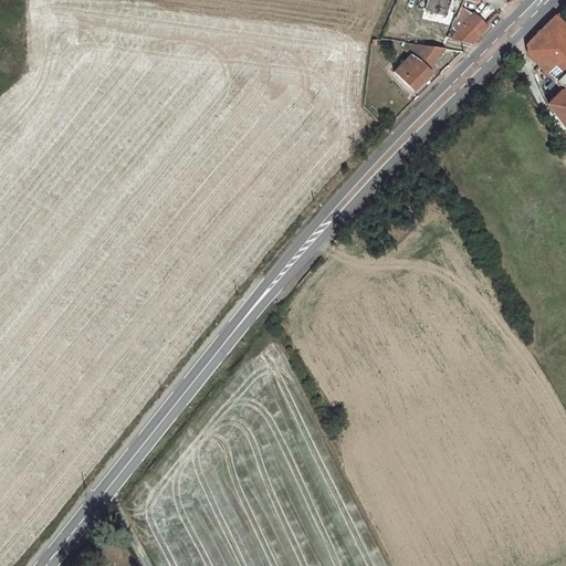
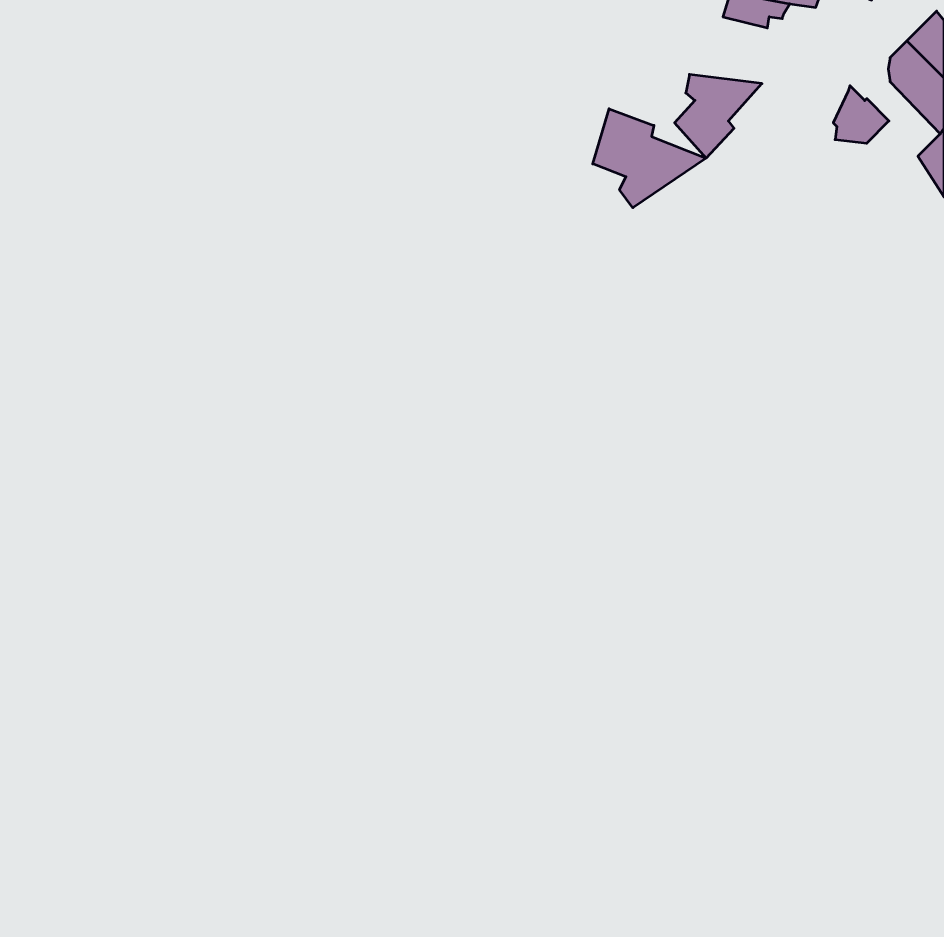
building: [457,8,490,42] -> [833,86,889,143]
building: none -> [593,109,706,208]

